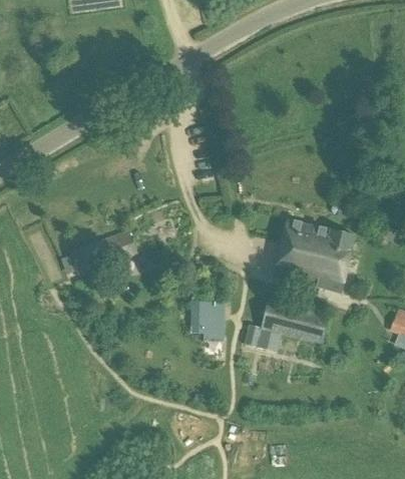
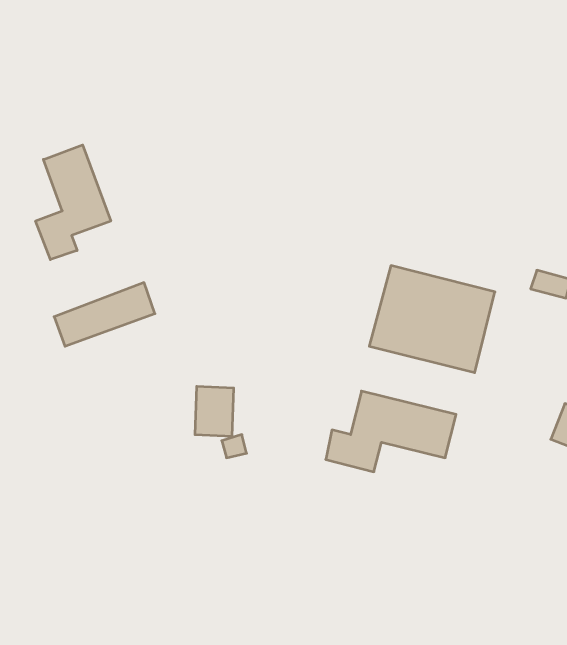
building: none -> [36,145,111,260]
building: [197,301,223,333] -> [195,386,234,436]

